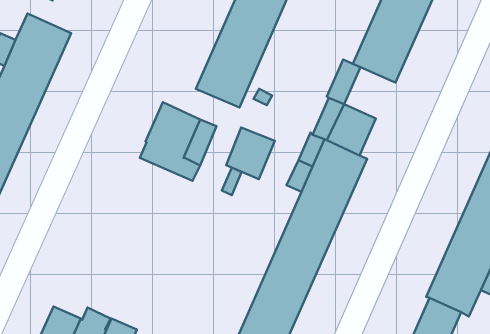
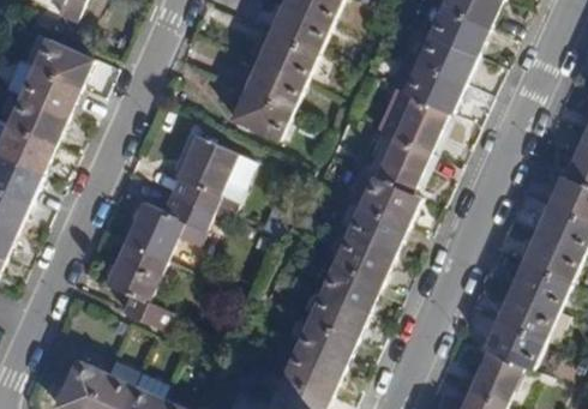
building: none -> [394,96,446,152]
building: [226,128,275,179] -> none
building: none -> [104,196,210,331]

